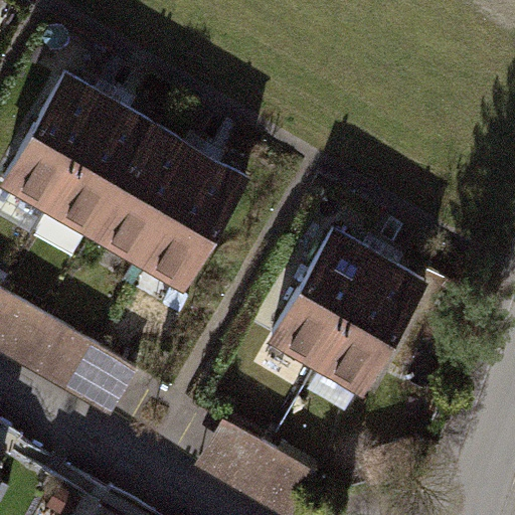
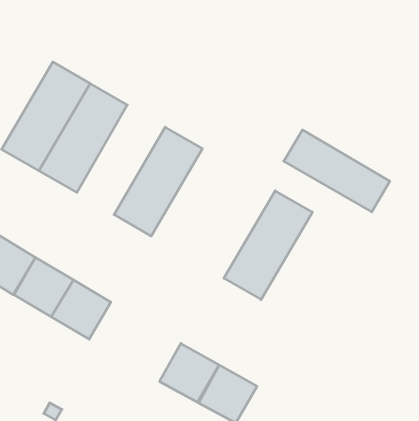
building: [94,130,201,263] -> none
building: none -> [284,130,390,212]
building: [317,261,424,393] -> none

